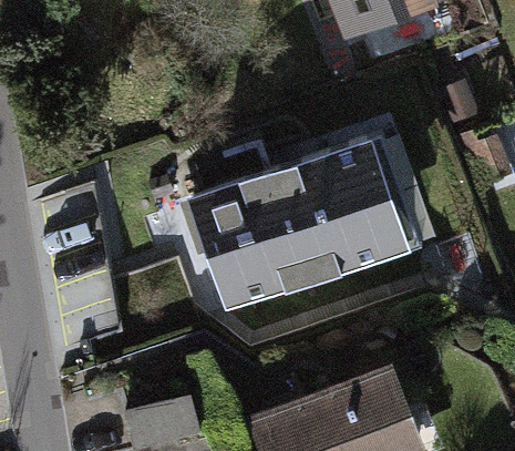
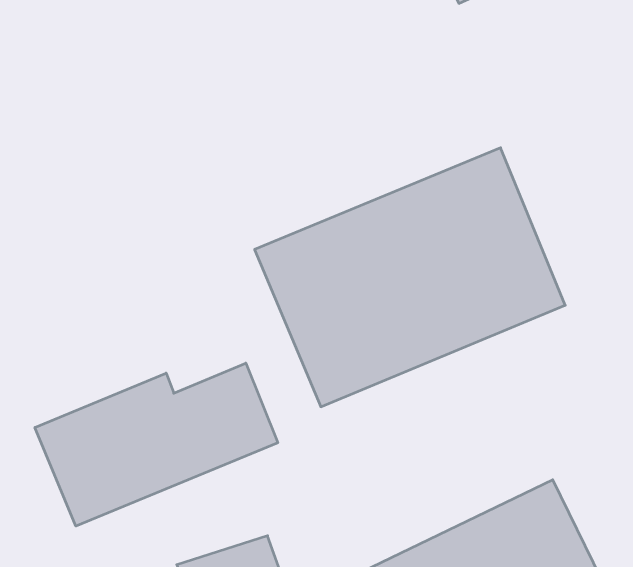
building: none -> [35,363,278,526]

